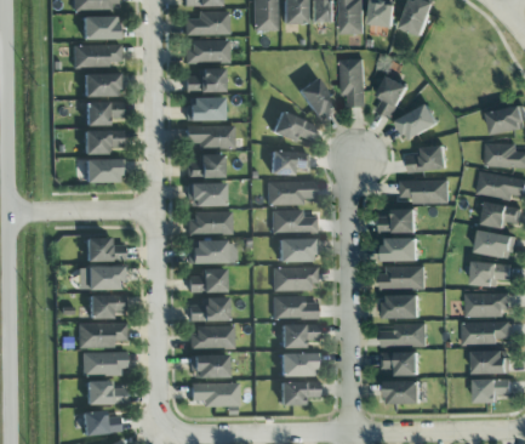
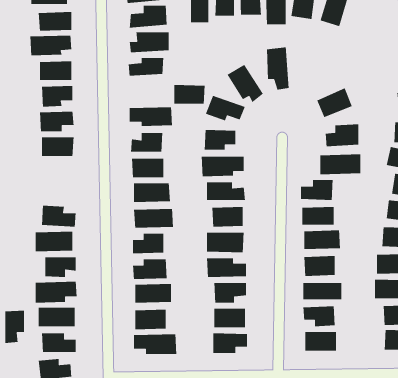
building: [376,74,409,116] -> none
building: [188,97,224,120] -> [173,84,206,105]
building: none -> [5,310,25,344]

